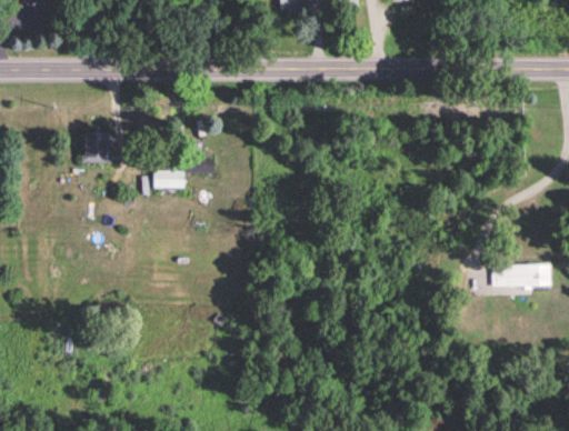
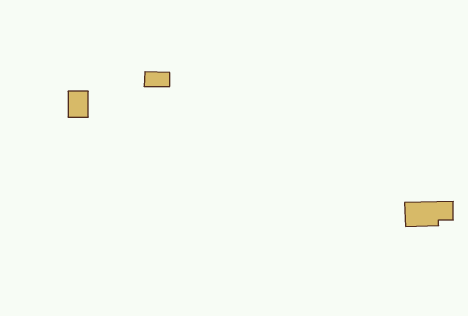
building: [153,169,184,187] -> [144,72,170,86]

